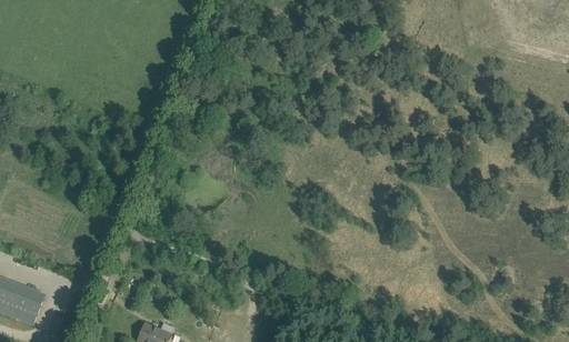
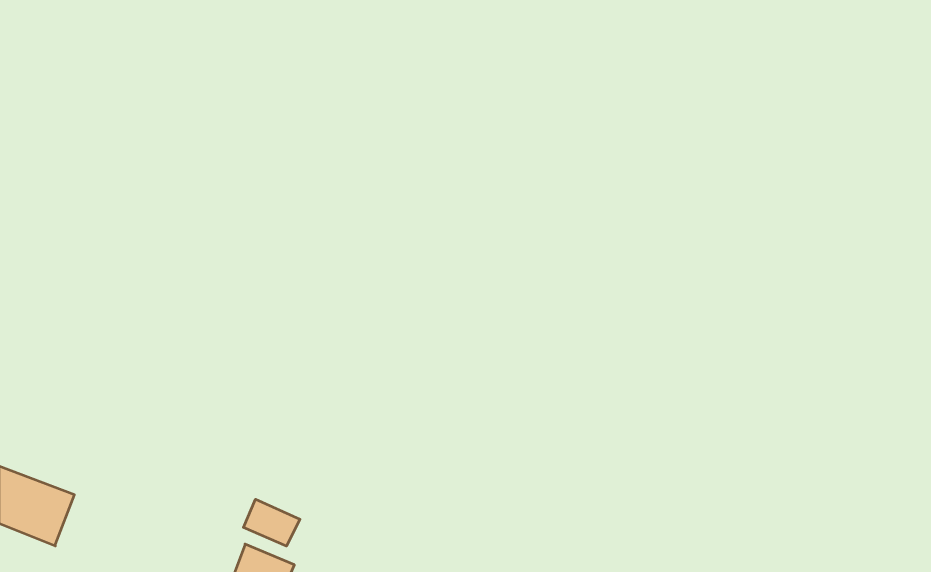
building: none -> [243,499,300,546]

